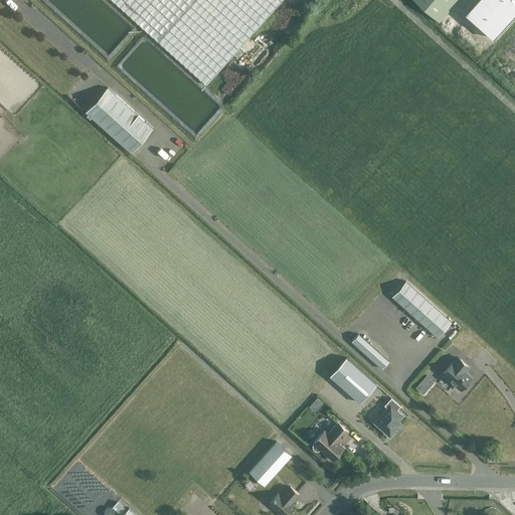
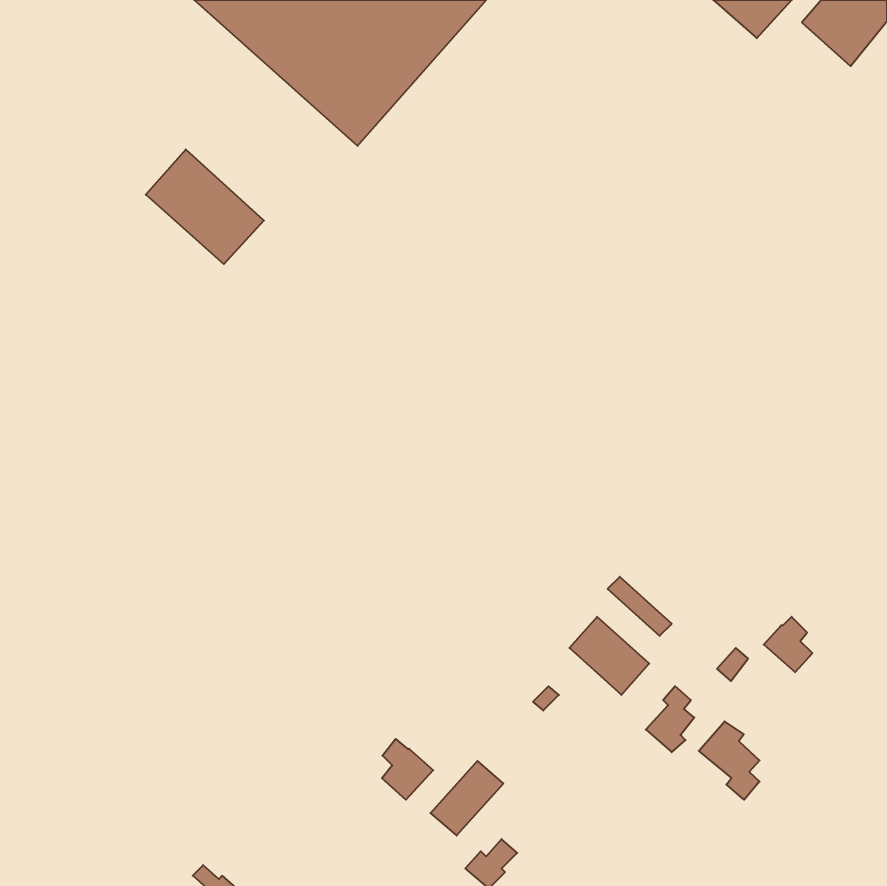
building: [392,282,451,338] -> none
building: none -> [699,721,760,800]
building: [313,422,351,461] -> none
building: none -> [382,739,433,800]

